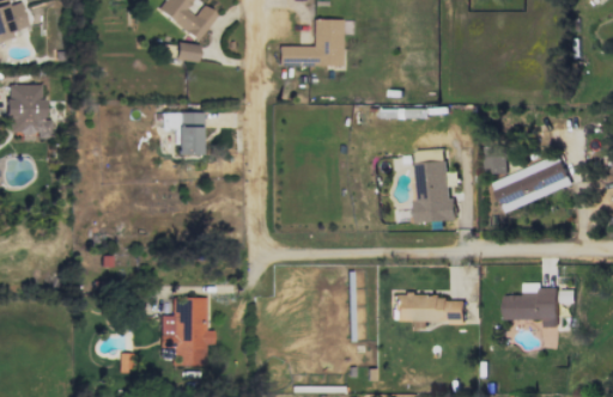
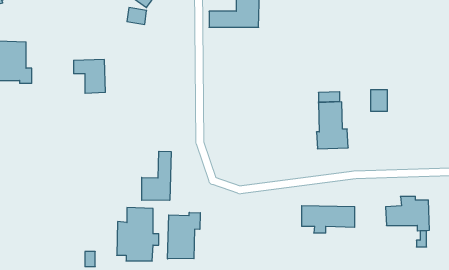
building: [163,111,204,154] -> [74,60,105,93]
building: [493,153,575,212] -> none
building: none -> [142,151,171,200]
building: none -> [168,212,200,259]

